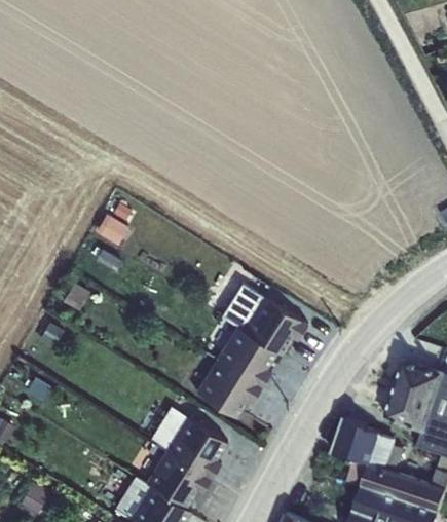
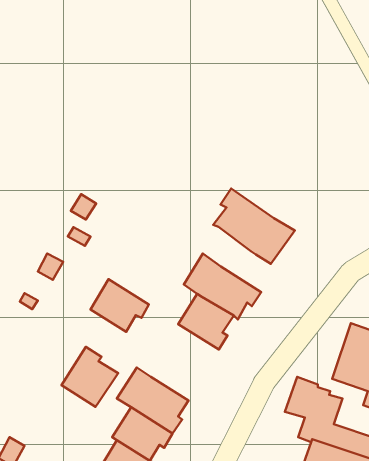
building: none -> [213,189,295,264]
building: [196,360,260,417] -> [90,279,149,332]
building: none -> [62,347,118,407]

